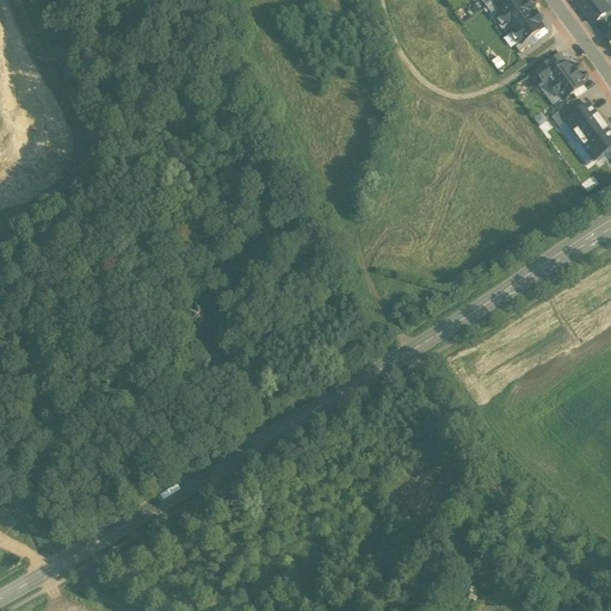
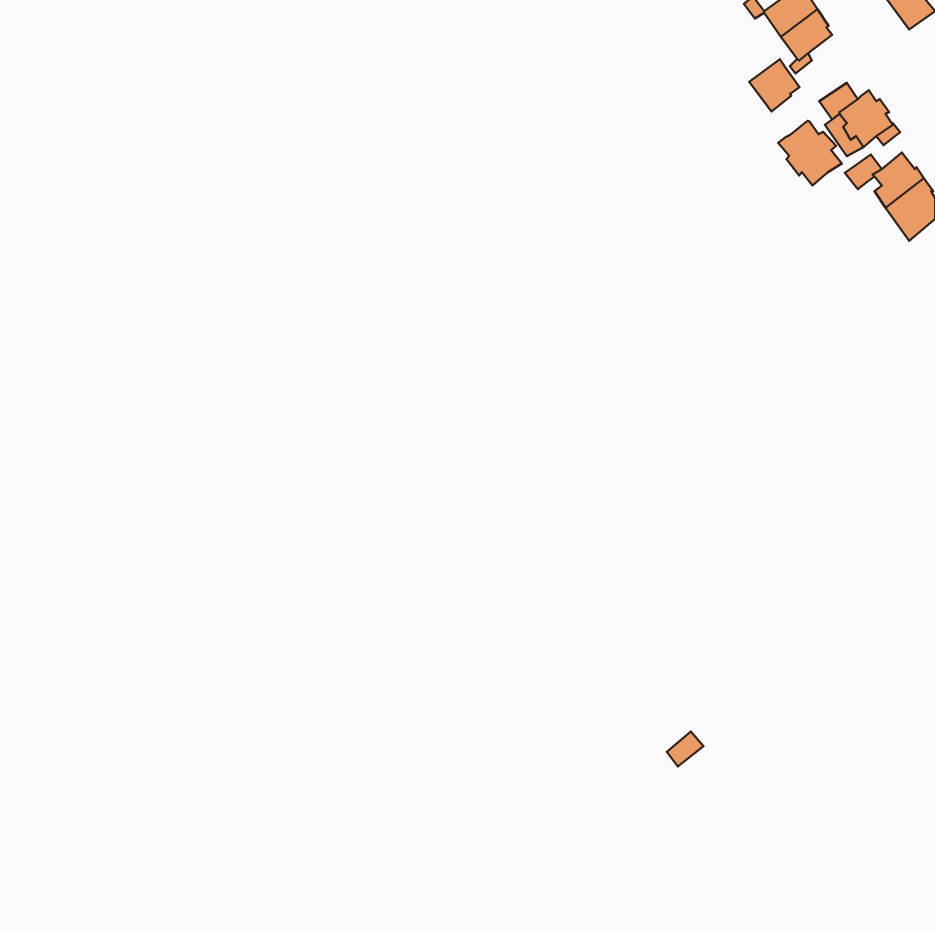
building: none -> [749,59,799,112]
building: none -> [778,121,842,185]

